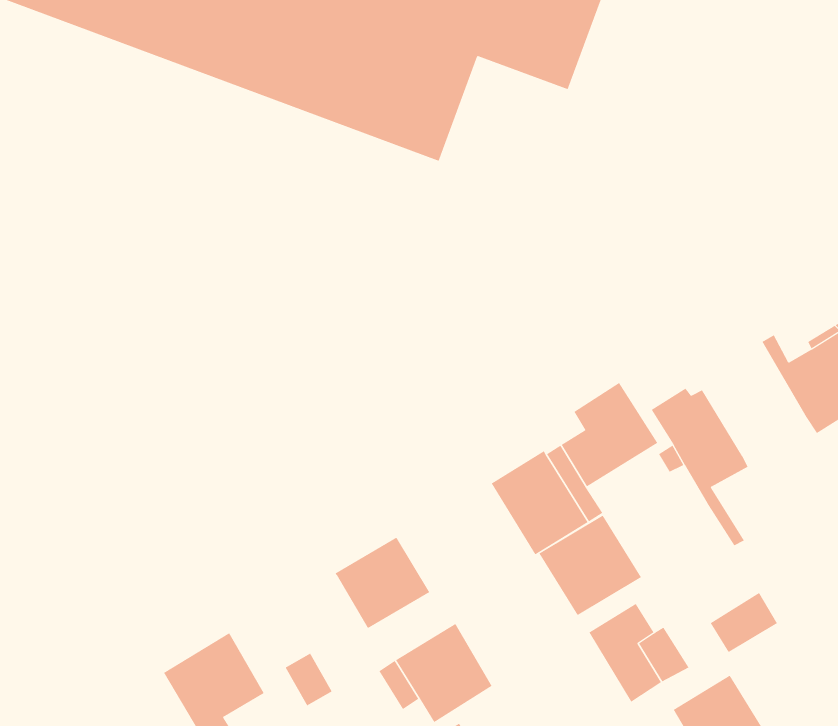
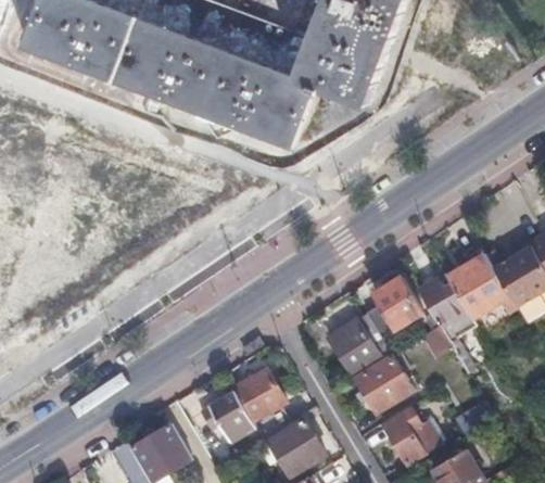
building: none -> [445,253,509,320]
building: none -> [208,391,255,443]

